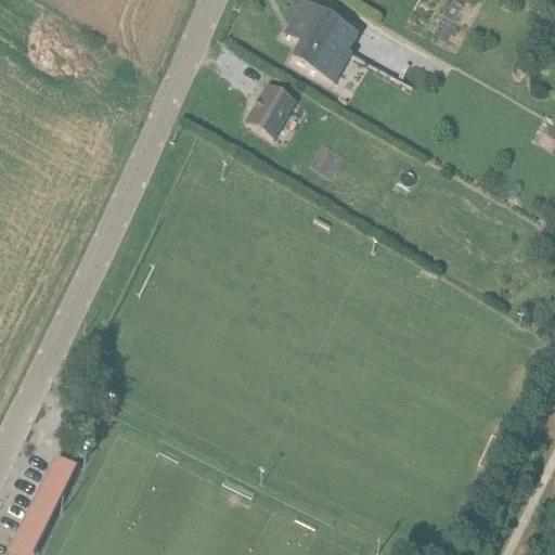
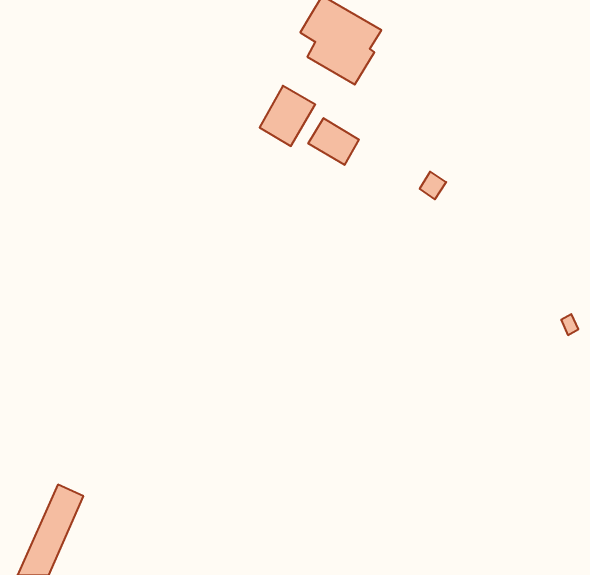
building: none -> [308,118,359,165]

